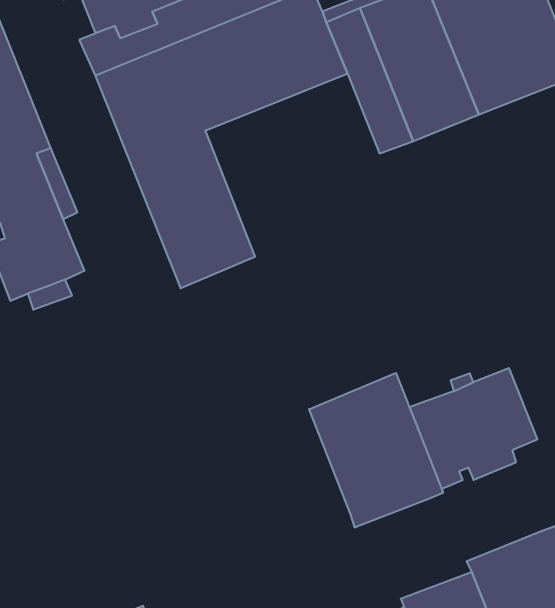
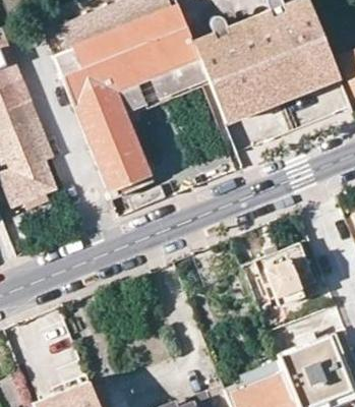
building: [309,373,443,528] -> none

